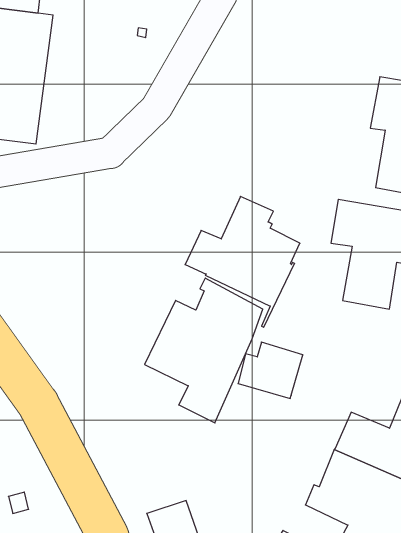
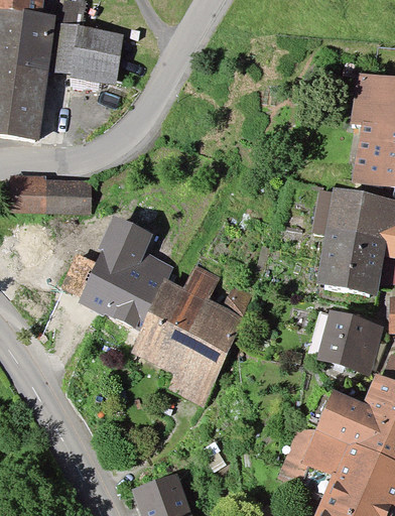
building: none -> [54,24,123,79]
building: none -> [12,183,91,209]
building: [185,196,300,327] -> [63,223,172,347]
building: [238,342,303,398] -> [310,314,372,368]

